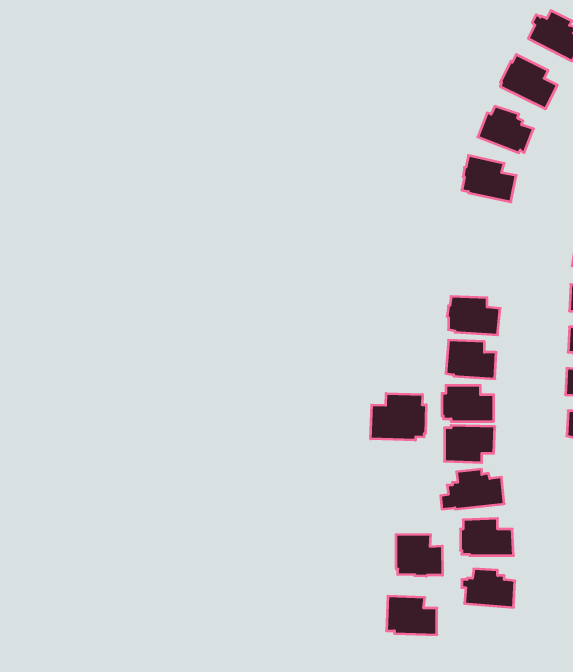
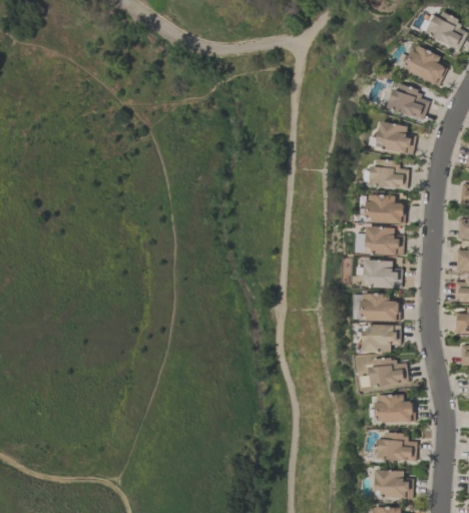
building: none -> [370,159,409,189]
building: none -> [366,195,406,224]
building: [371,393,426,440] -> none
building: [396,534,442,576] -> none
building: [386,596,437,635] -> [375,470,413,499]

